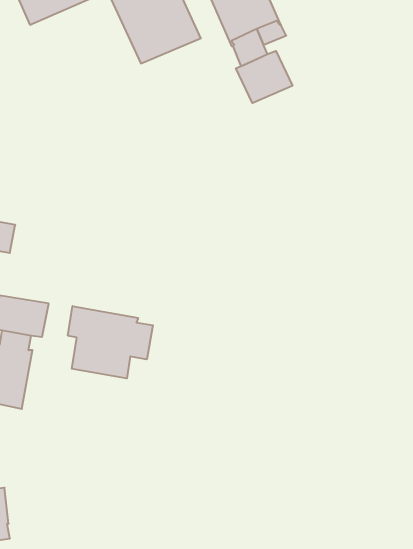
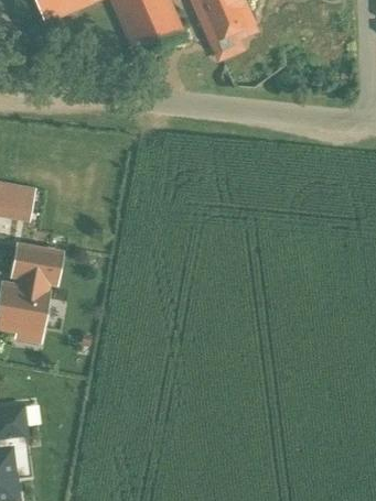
building: [236,51,292,103] -> none
building: [68,306,153,378] -> none

